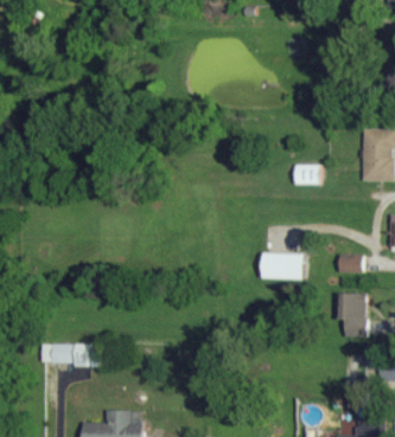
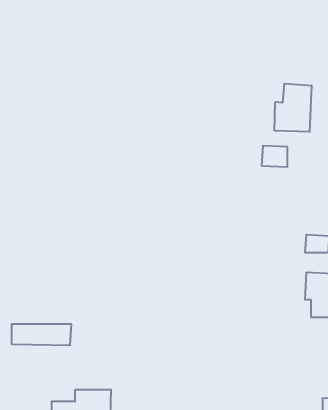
building: none -> [275,84,312,132]
building: [260,252,302,278] -> none

